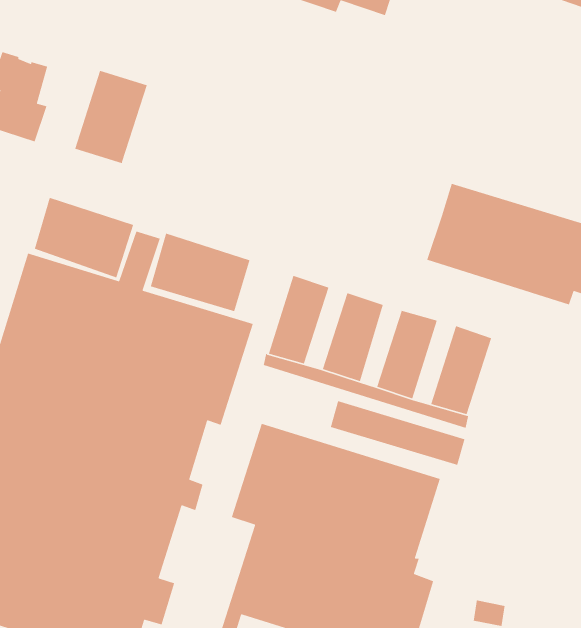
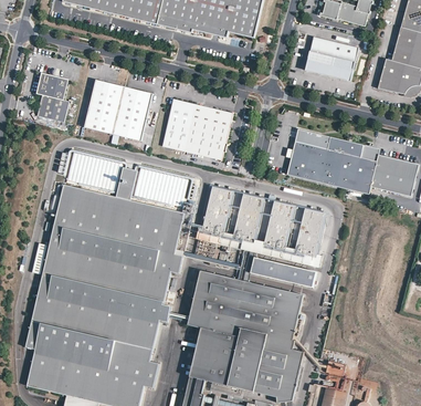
building: none -> [304,35,358,81]
building: none -> [113,85,151,138]
building: none -> [162,98,233,159]

